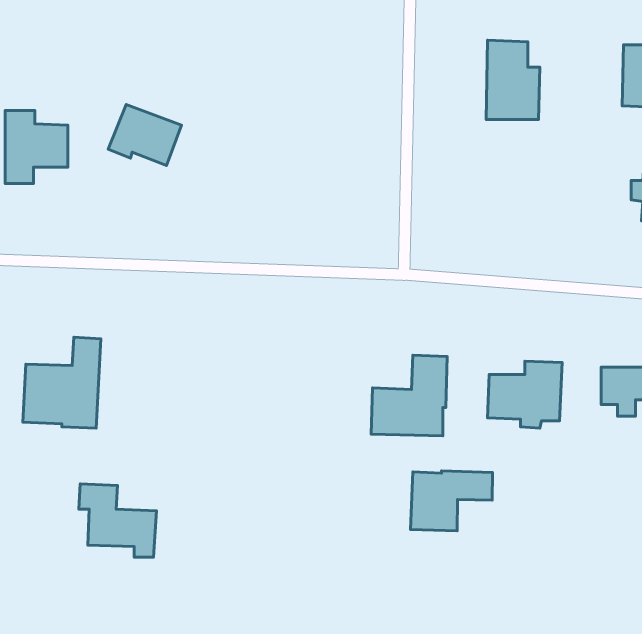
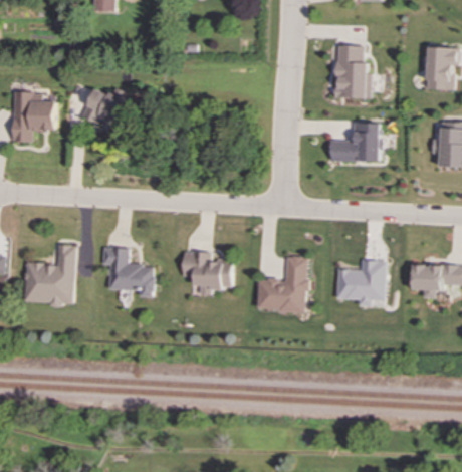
building: none -> [329,122,380,161]
building: none -> [182,251,231,294]
building: [411,471,492,531] -> none
building: [79,484,156,557] -> [101,247,154,296]

